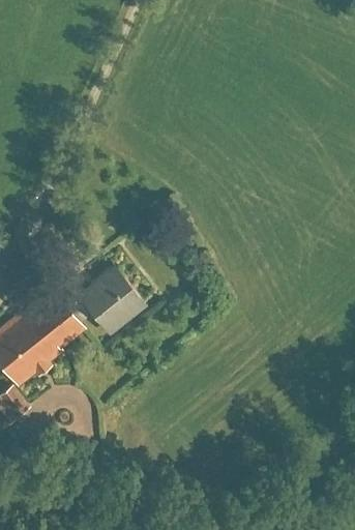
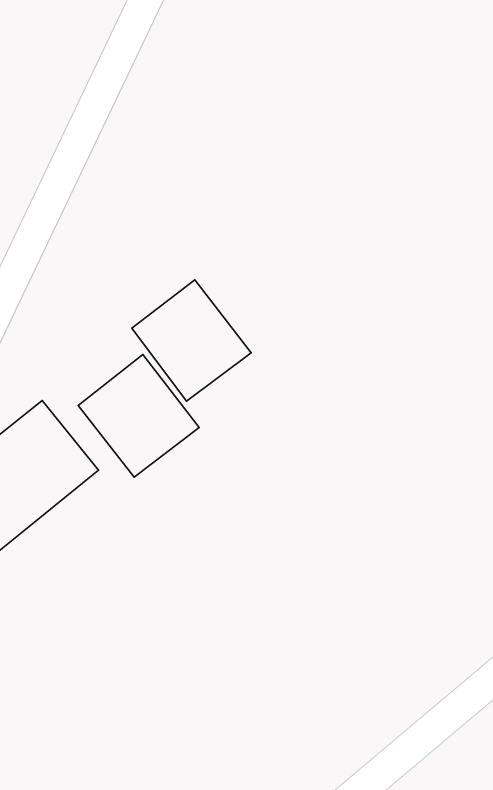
building: none -> [132,280,251,401]

